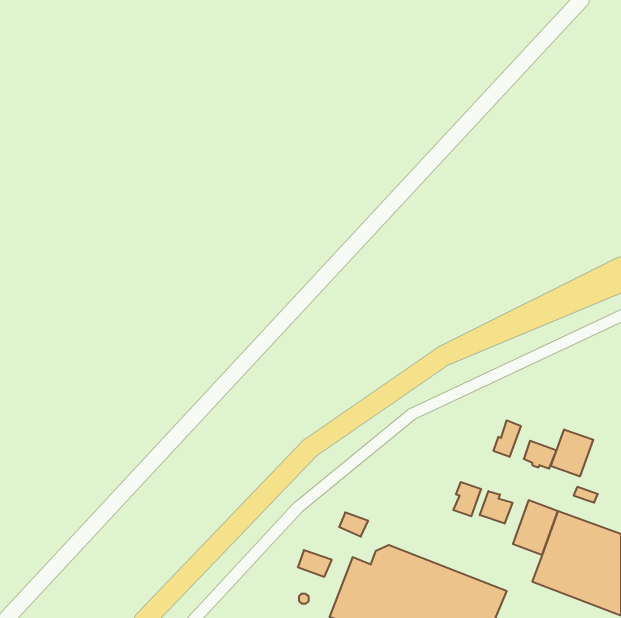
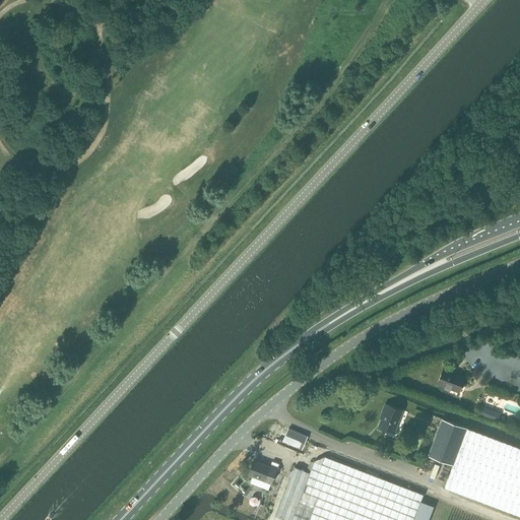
building: [494,420,521,457] -> none
building: [551,429,593,476] -> none
building: [480,491,512,524] -> none

